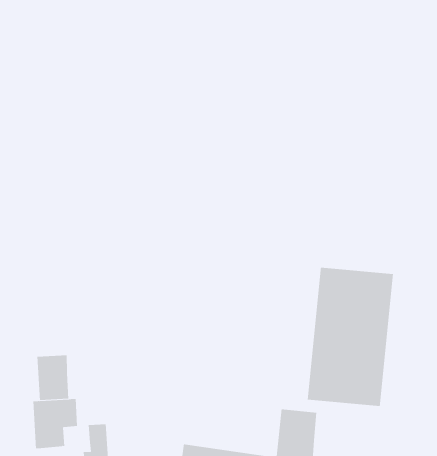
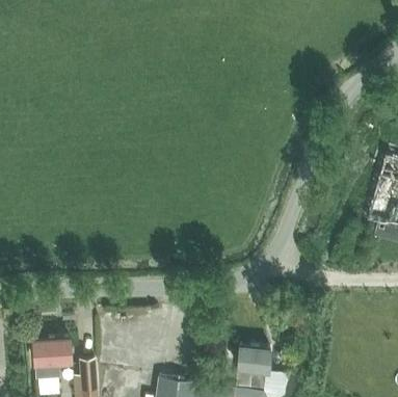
building: [307,267,394,407] -> none
building: [37,355,69,401] -> none

